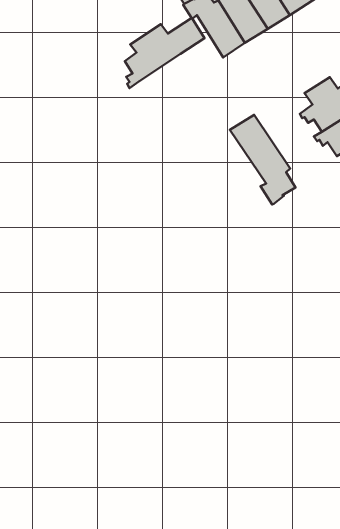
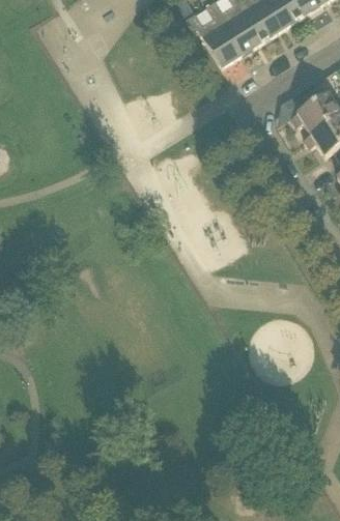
building: [125,18,205,88] -> none
building: [230,115,295,204] -> none

